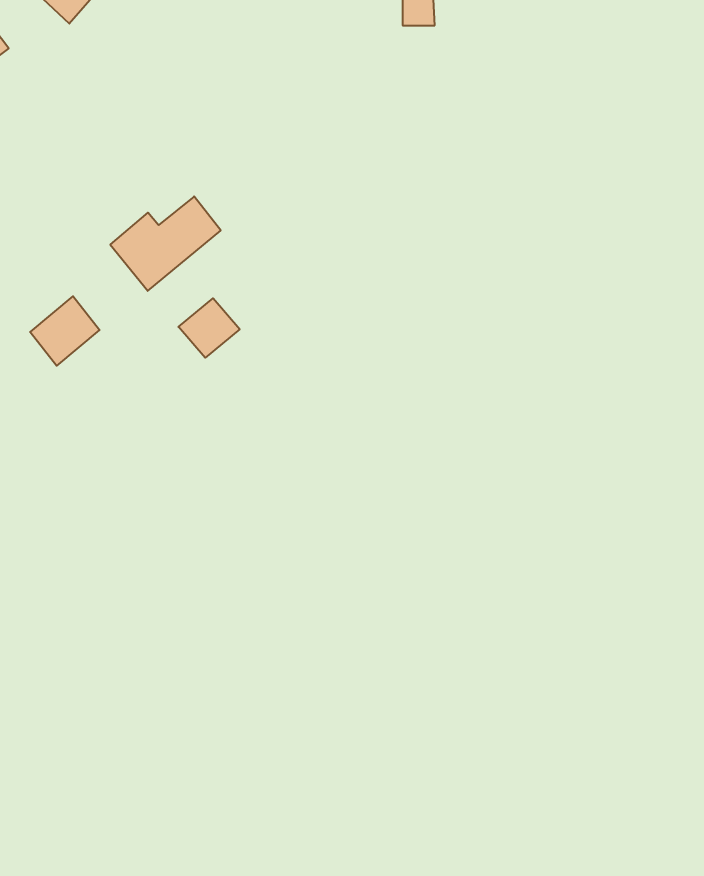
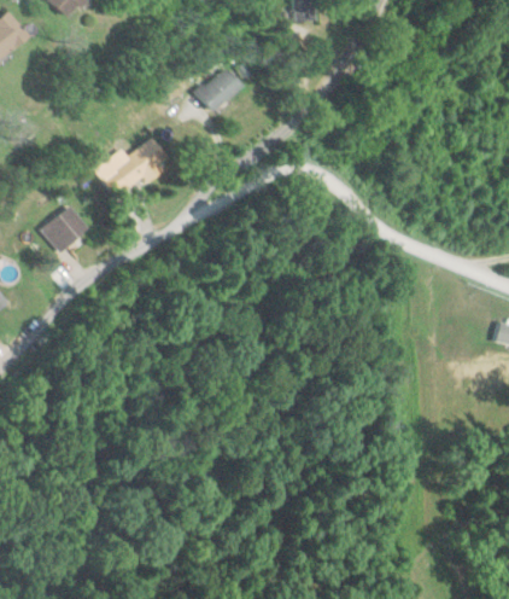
building: none -> [197,66,241,110]
building: [178,298,240,358] -> none

